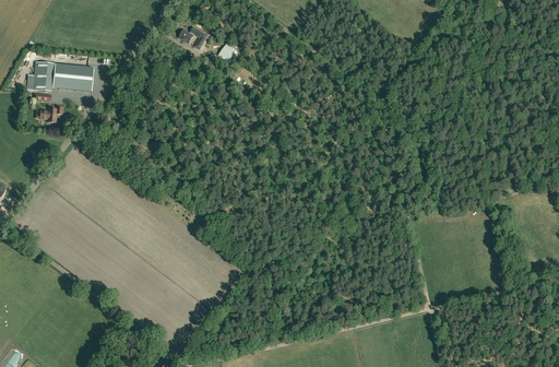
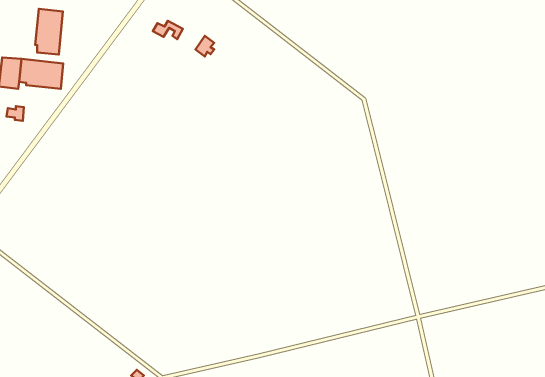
building: none -> [35,9,63,55]

